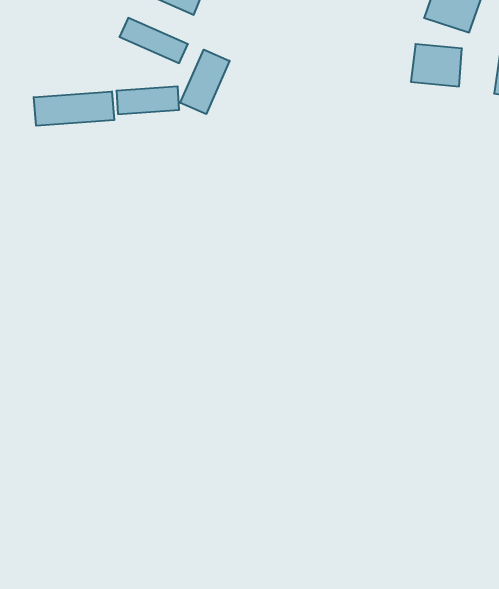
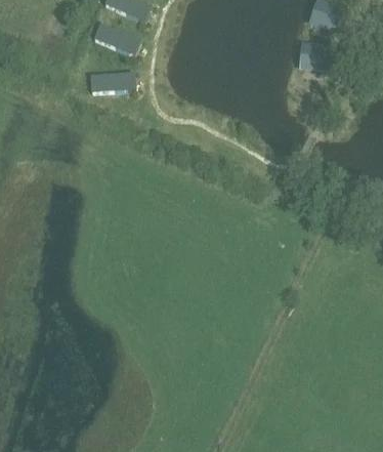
building: [180,50,230,114] -> none
building: [34,91,114,126] -> none

